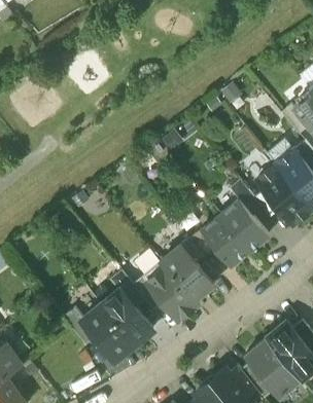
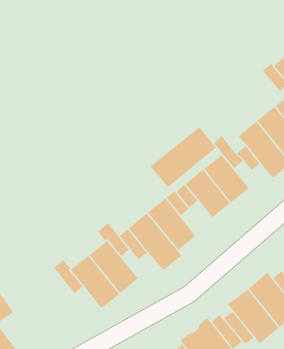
building: none -> [150,126,217,188]

